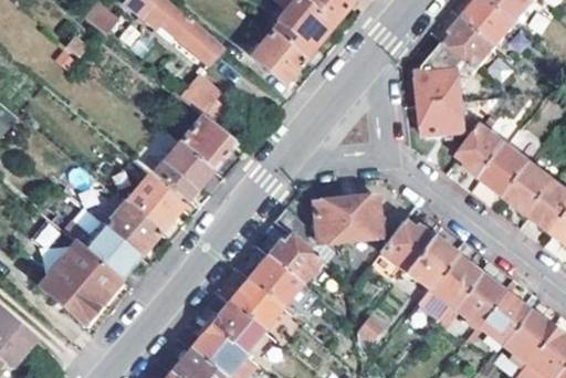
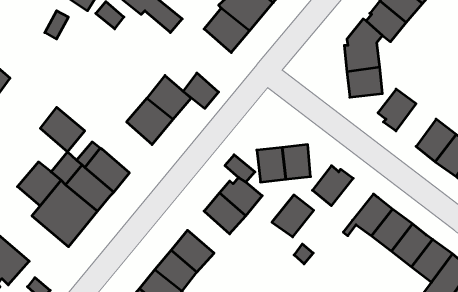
building: [176,70,219,113] -> [183,73,219,108]
building: [483,147,532,199] -> none
building: [126,177,180,231] -> [40,107,85,152]
building: [405,238,455,288] -> [272,195,314,237]
building: [230,277,281,328] -> none

